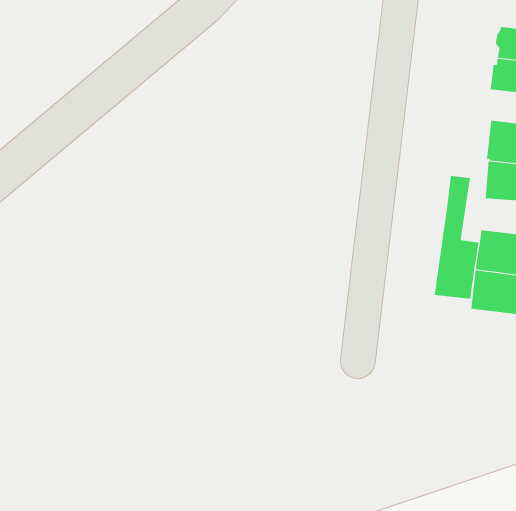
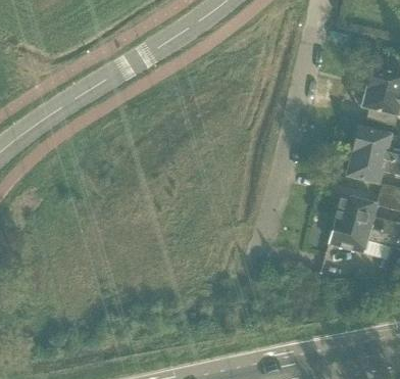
building: [434,175,479,300] -> none

